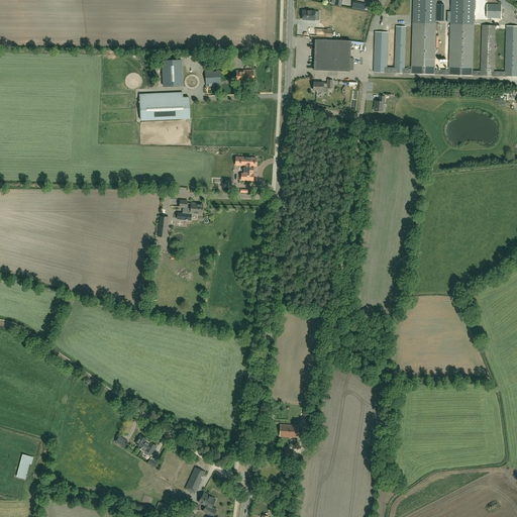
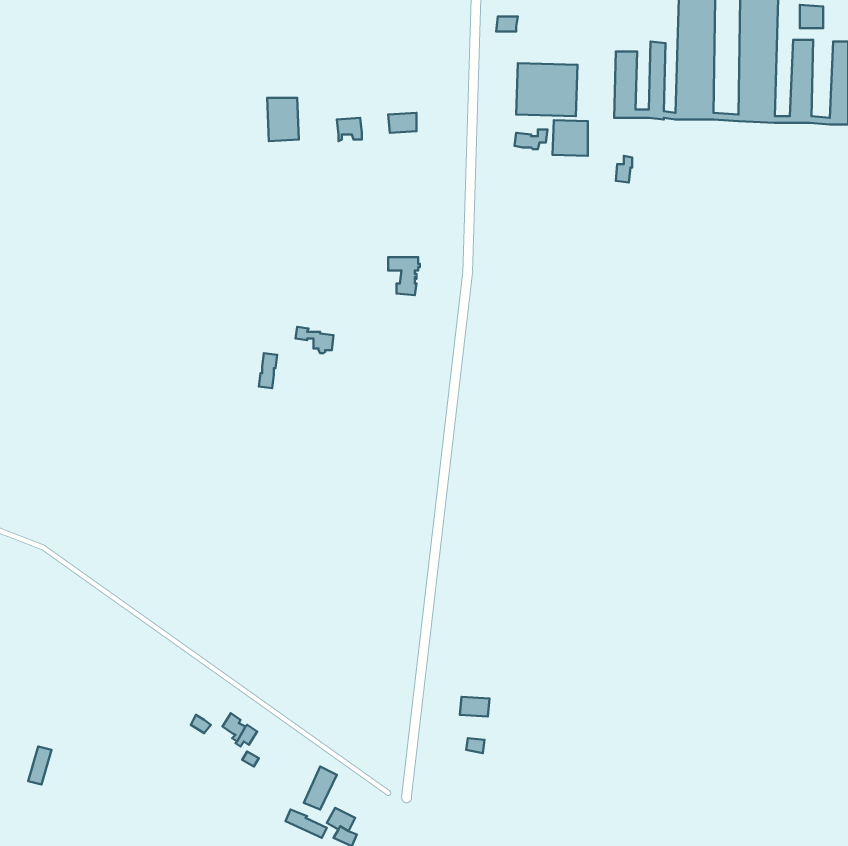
building: none -> [553,120,588,156]
building: [139,92,190,119] -> none

